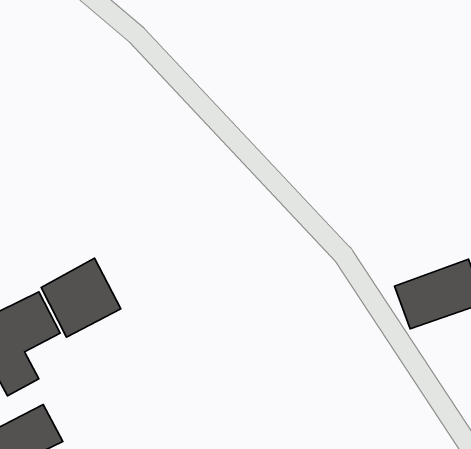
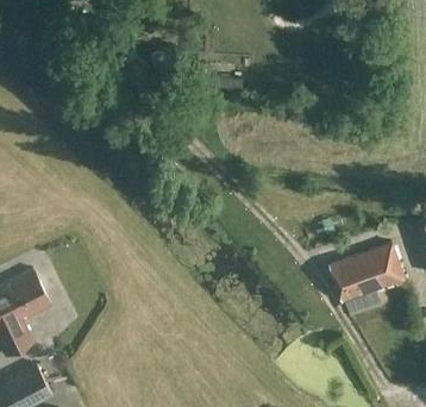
building: [41,258,121,337] -> none

